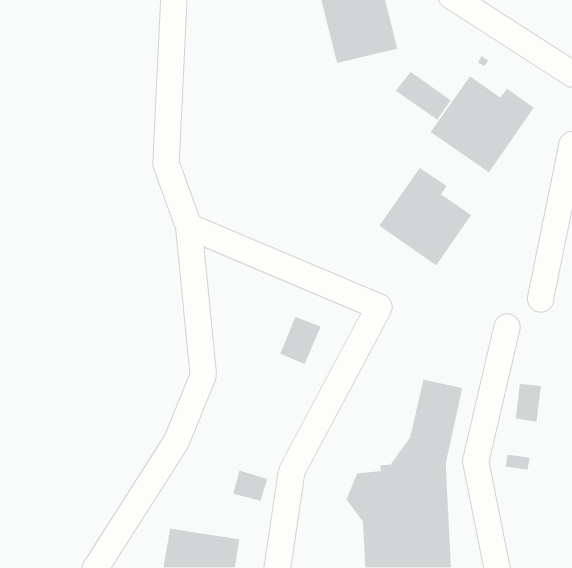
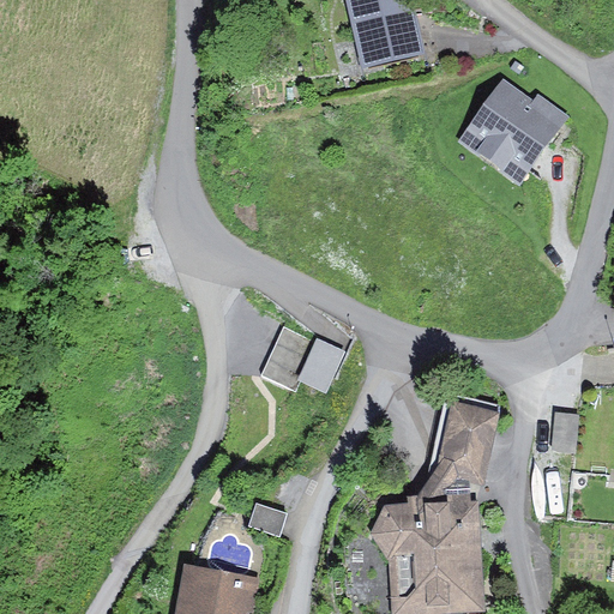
building: [395,71,452,121] -> none
building: [378,167,472,267] -> none
building: none -> [261,324,315,387]

